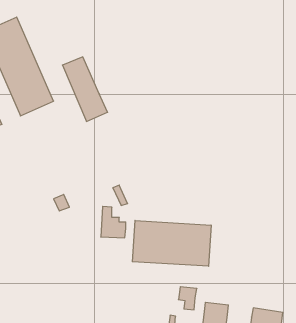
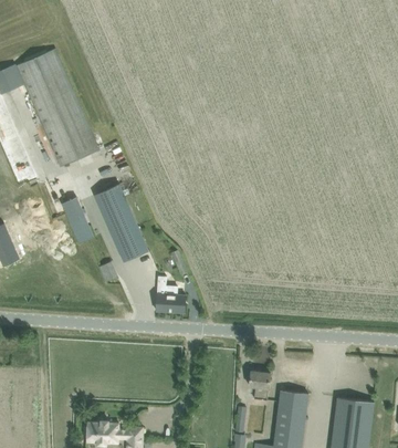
building: [62,57,108,121] -> [94,184,148,261]
building: none -> [61,195,93,241]
building: [132,220,211,266] -> none

